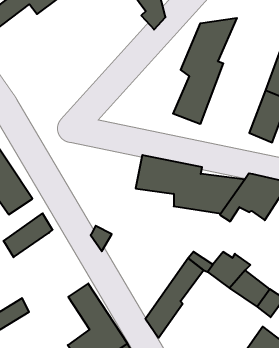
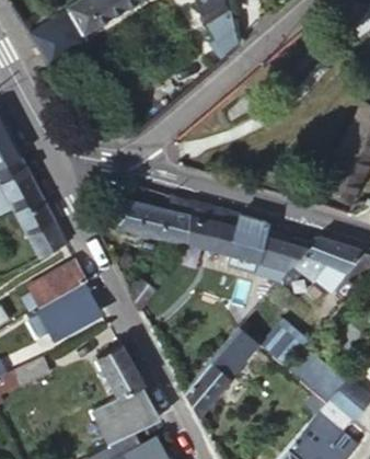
building: [173,18,237,124] -> none
building: none -> [117,198,197,242]
building: none -> [30,284,99,341]

